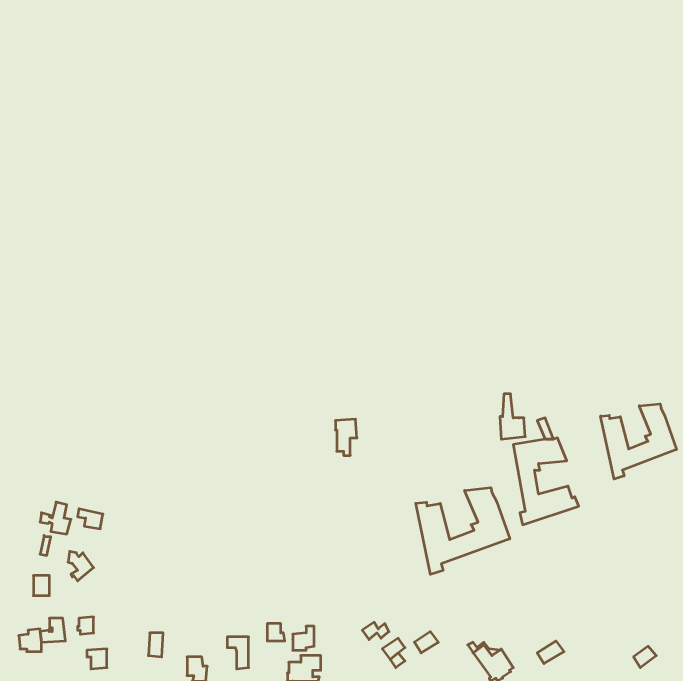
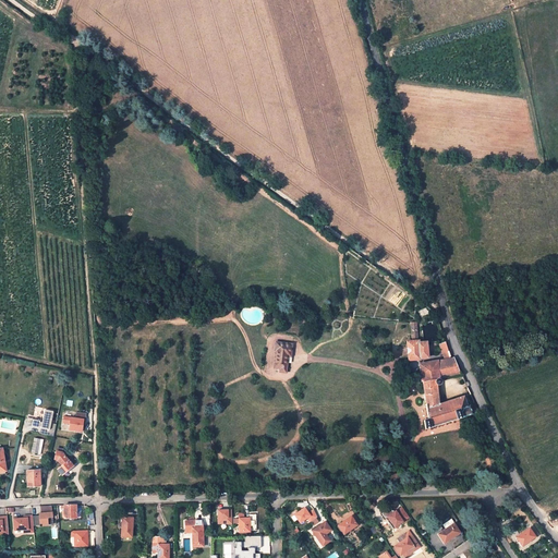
building: [601,404,676,479] -> none
building: [416,488,510,574] -> none

